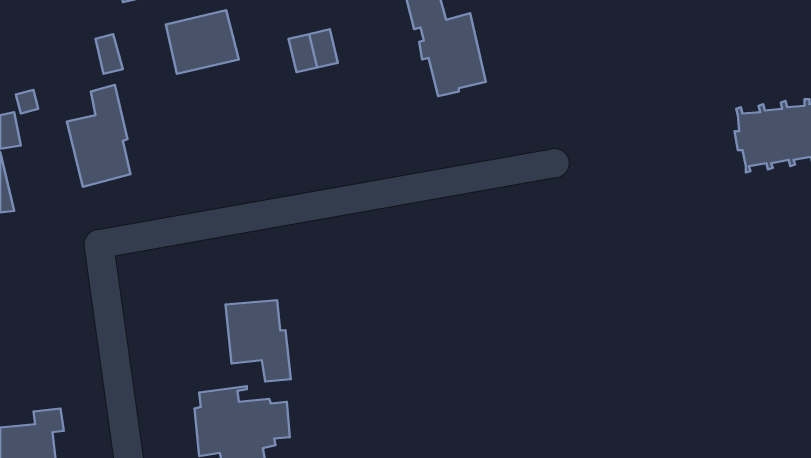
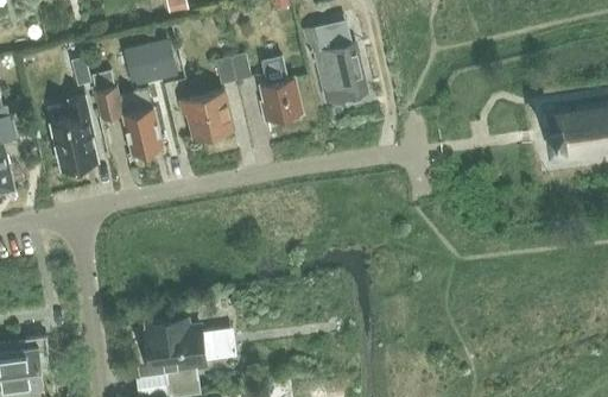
building: none -> [259,55,300,121]
building: none -> [93,71,163,153]
building: none -> [178,89,233,139]
building: [226,300,291,381] -> none

